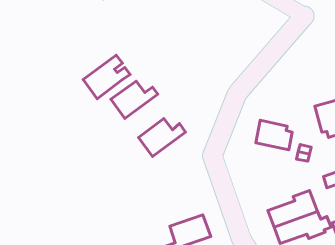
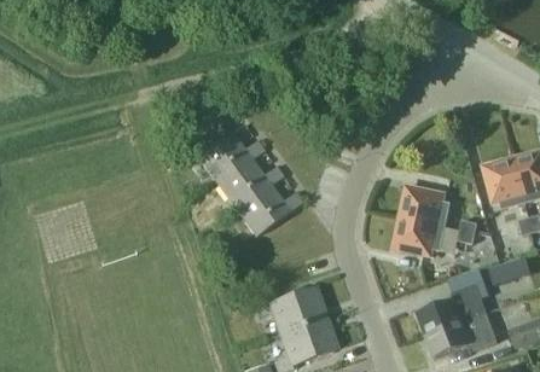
building: [83,55,130,99] -> [217,149,283,209]
building: none -> [393,216,446,254]
building: none -> [254,286,326,332]

